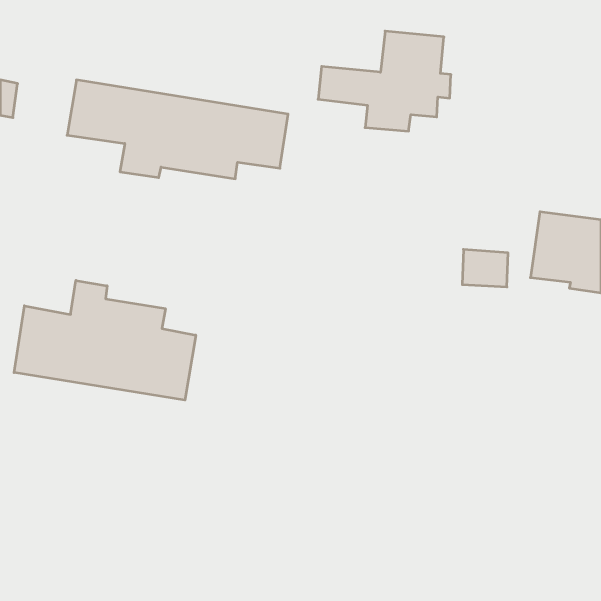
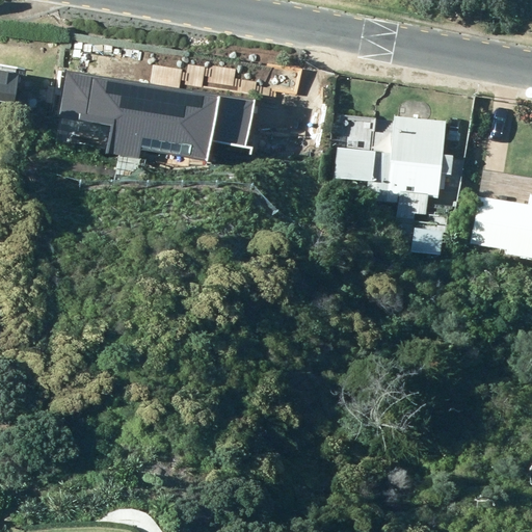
building: [318,31,451,131] -> [332,116,450,205]
building: [14,280,196,400] -> none

